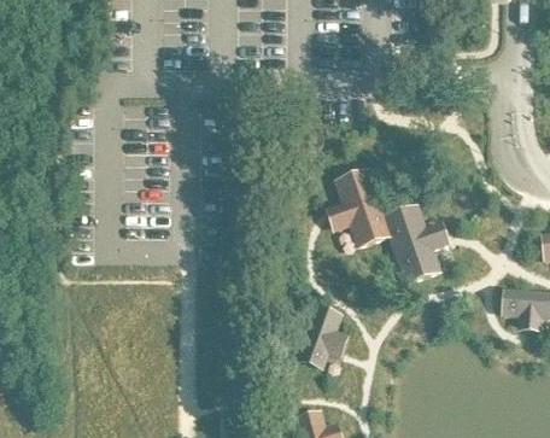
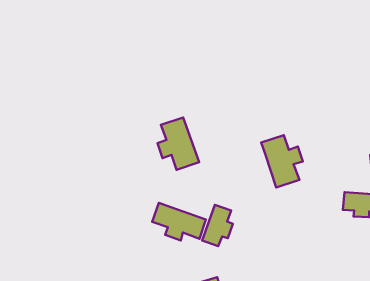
building: [330,170,391,246] -> [157,117,199,170]
building: none -> [152,203,206,240]

